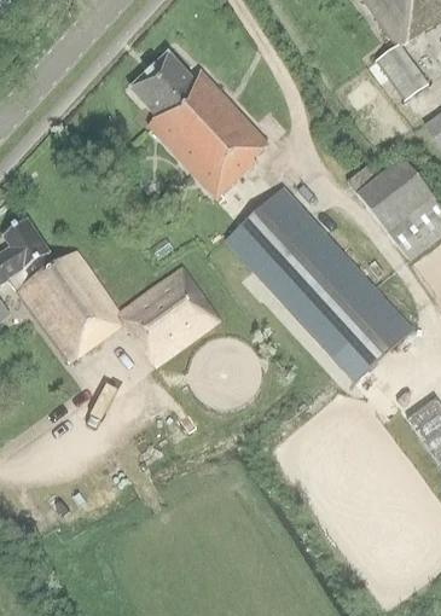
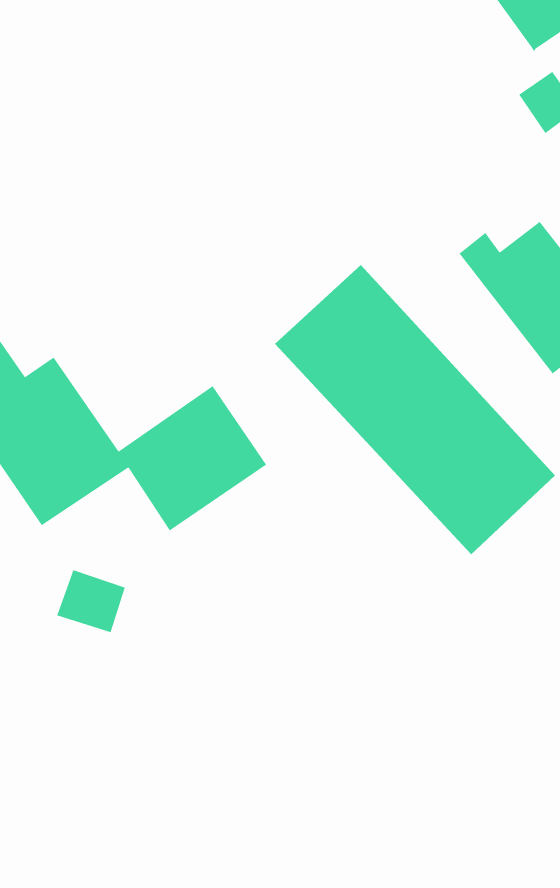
building: [129,50,268,197] -> none
building: none -> [56,569,126,633]

